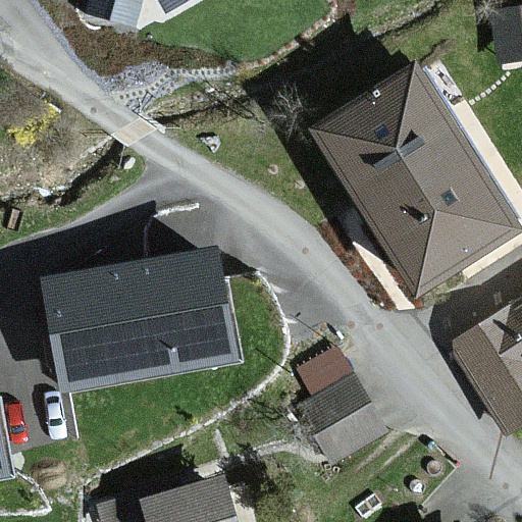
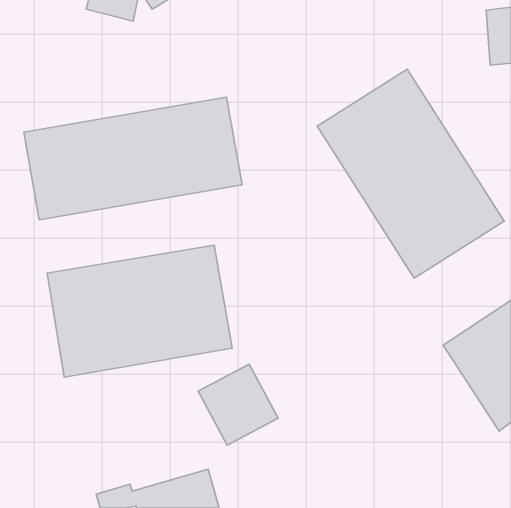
building: none -> [24,97,242,220]
building: [298,375,379,458] -> [198,364,278,445]

